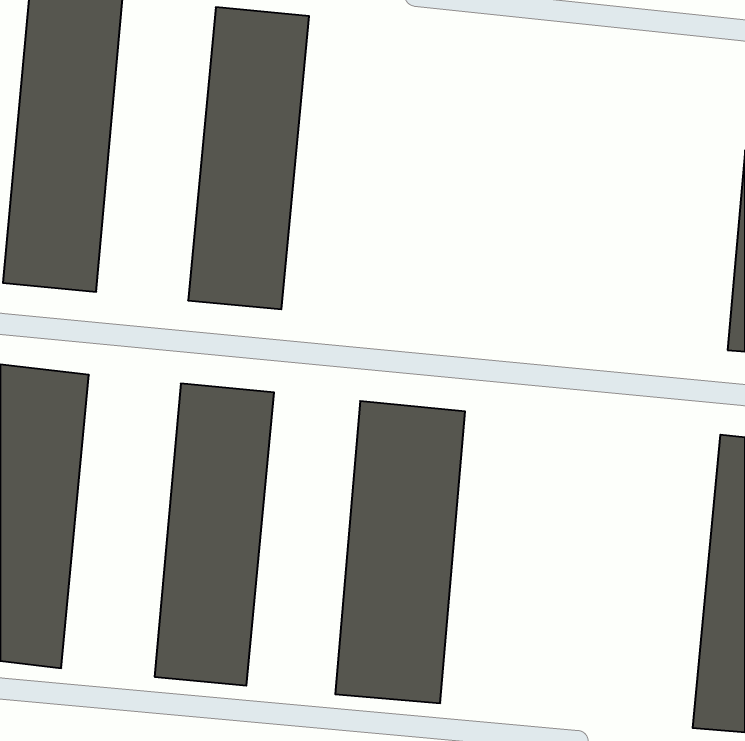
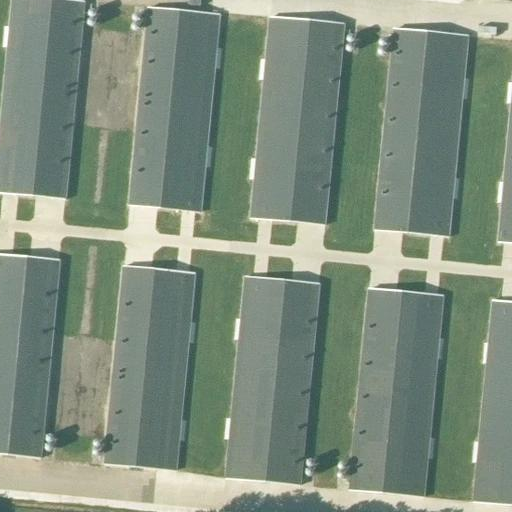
building: none -> [252,16,342,224]
building: none -> [375,28,466,235]
building: none -> [350,286,442,494]

